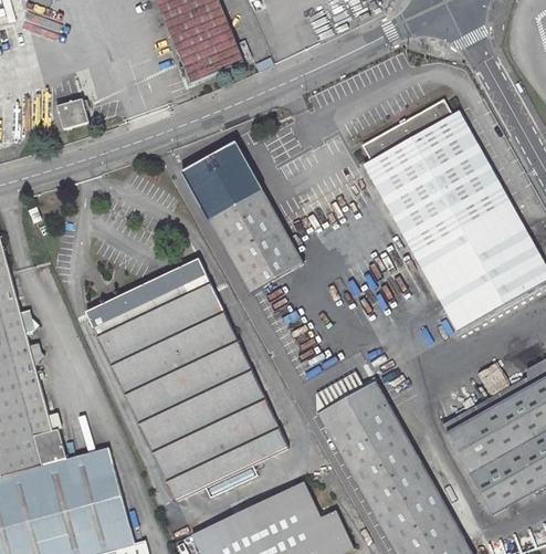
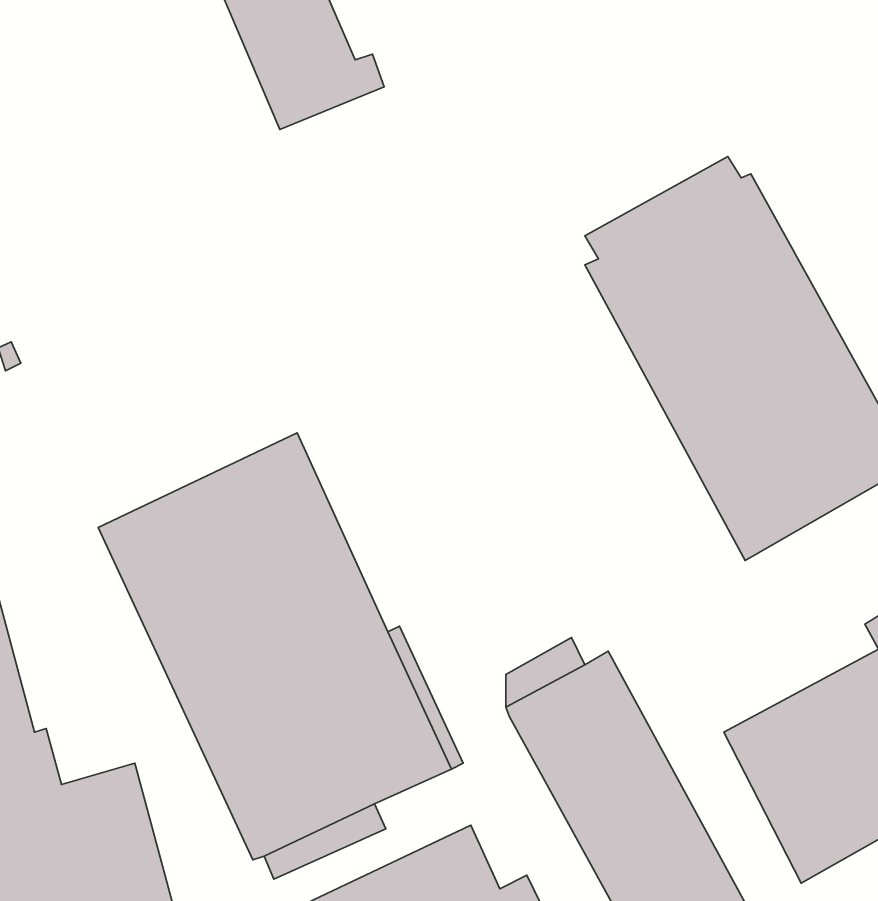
building: [54,100,87,129] -> none
building: [186,142,308,294] -> none

